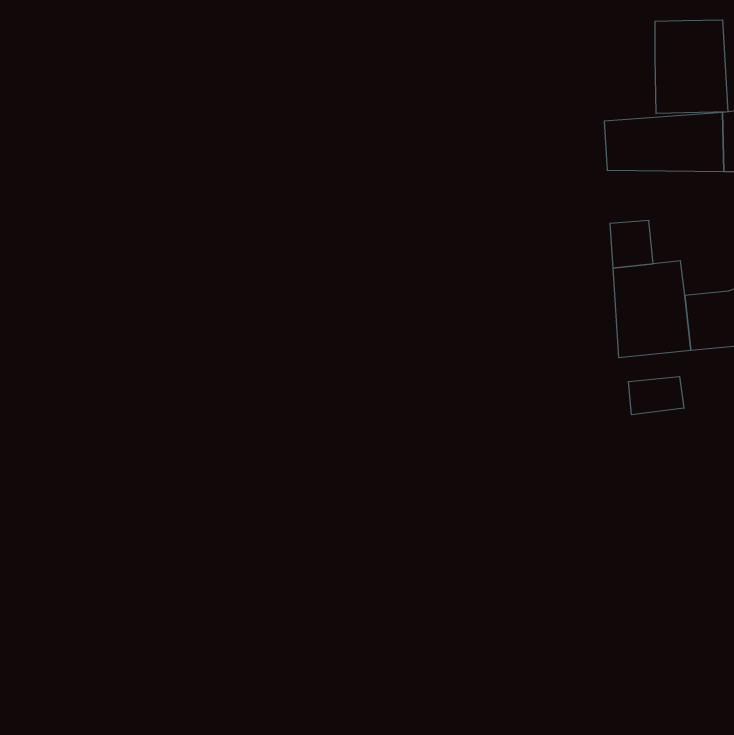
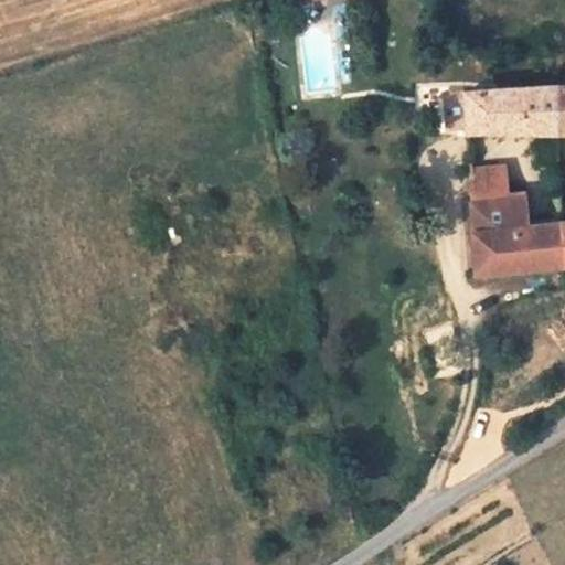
building: [655,20,728,114] -> none
building: [628,377,684,415] -> none

